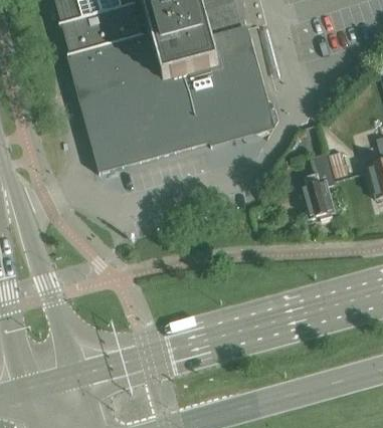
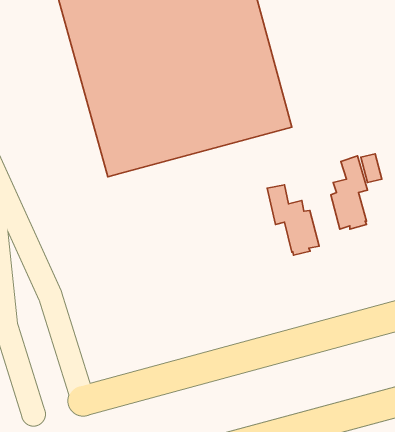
building: none -> [267,185,319,255]

